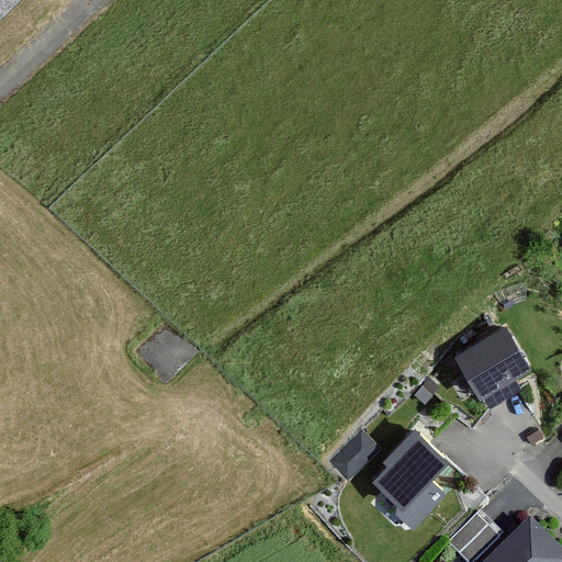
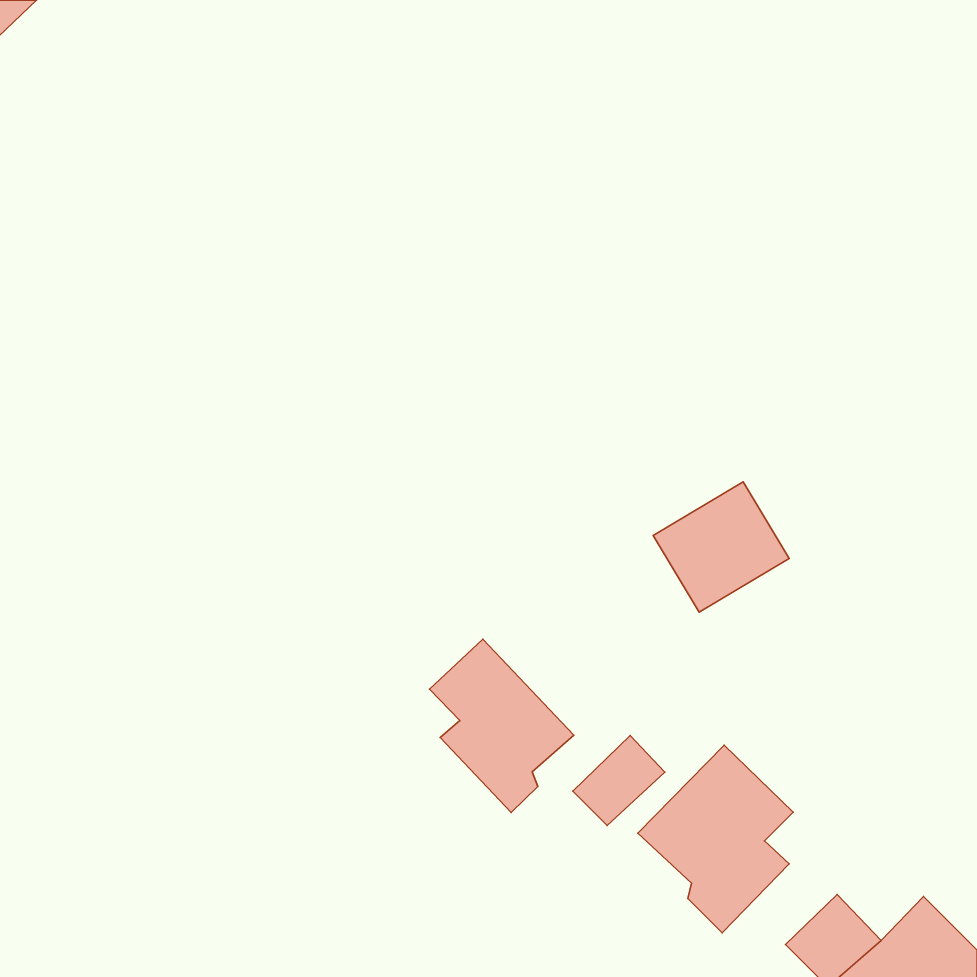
building: [453,327,531,402] -> [653,482,789,612]
building: none -> [429,639,574,813]

